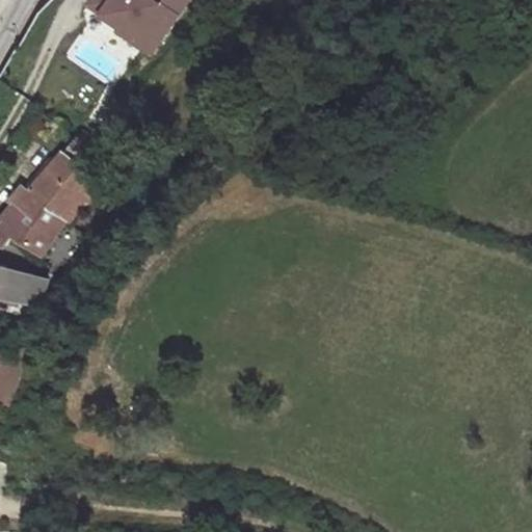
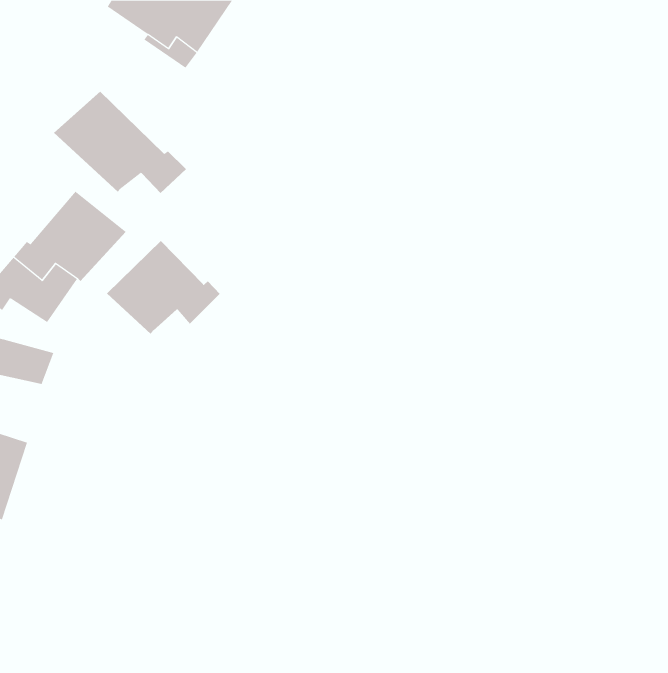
building: none -> [53,91,187,194]
building: none -> [106,240,221,334]

